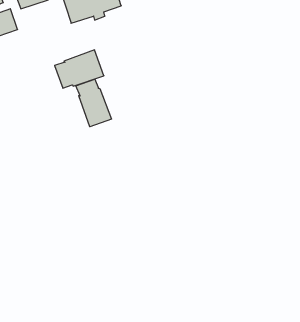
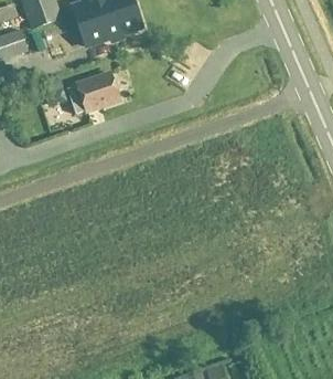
building: [76,79,111,127] -> none

